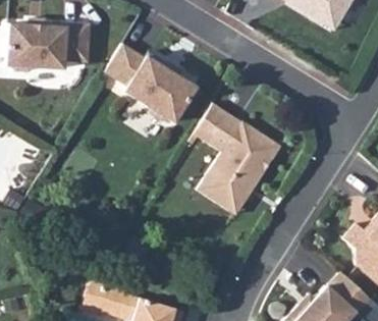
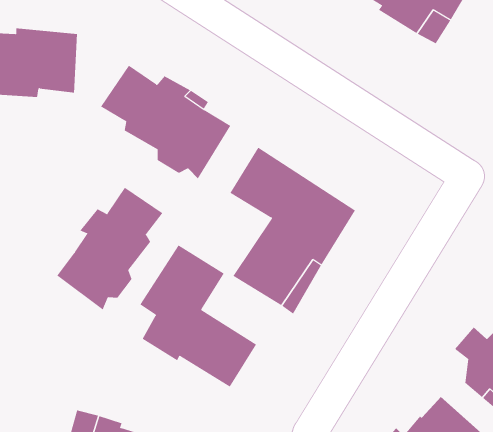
building: none -> [57,187,163,311]
building: none -> [139,245,257,388]

